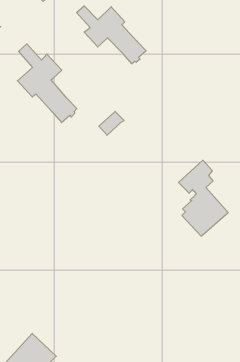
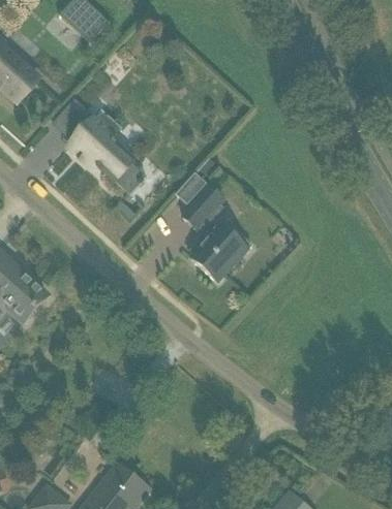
building: [77,6,146,64] -> none
building: [179,160,228,236] -> [182,186,248,282]

